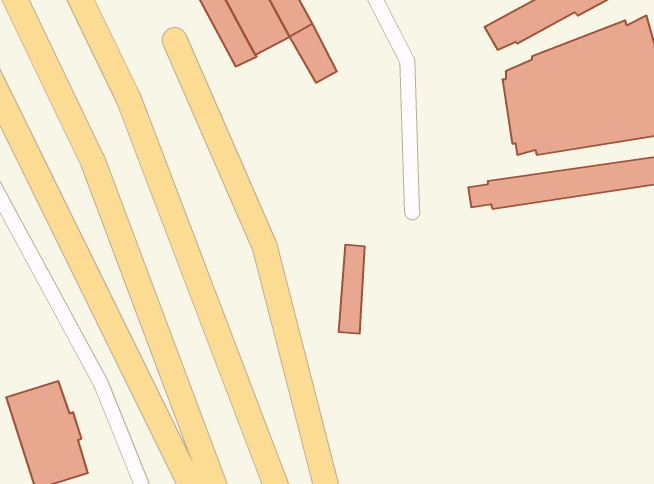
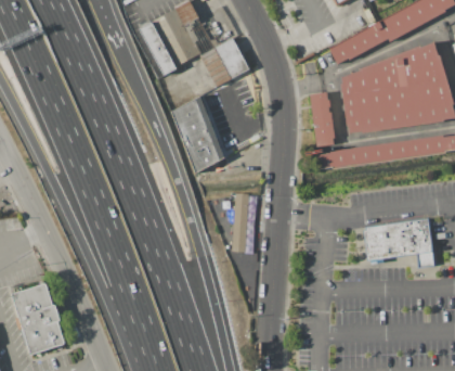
building: none -> [213,37,248,78]
building: none -> [309,92,335,148]
building: none -> [171,95,224,174]
building: none -> [362,218,432,268]

